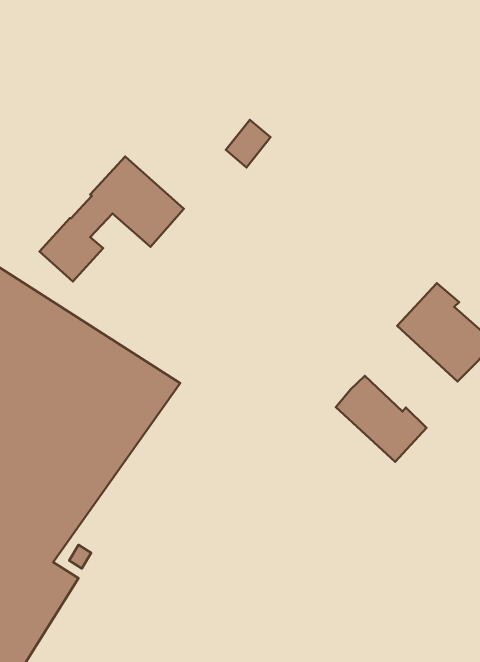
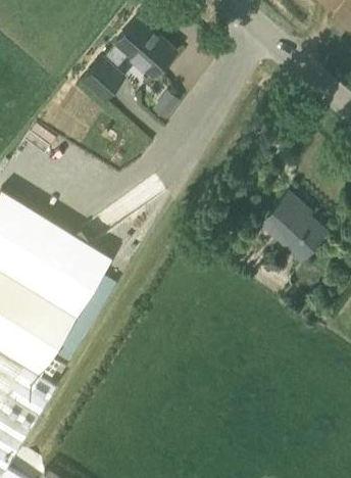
building: [40,156,184,282] -> [82,22,174,103]
building: [336,376,426,462] -> none

